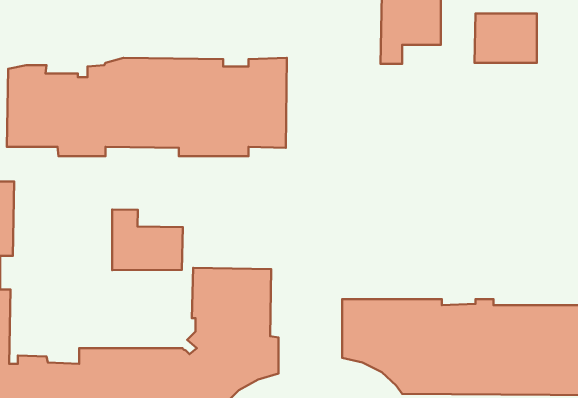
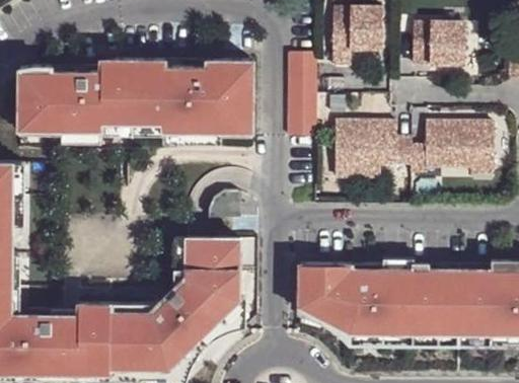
building: none -> [287,51,314,135]
building: none -> [335,120,493,176]
building: [112,210,183,270] -> none

